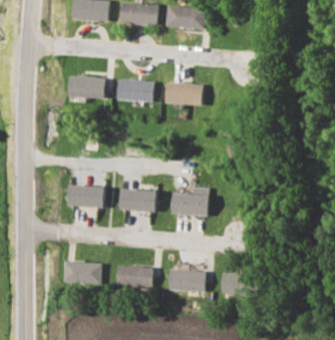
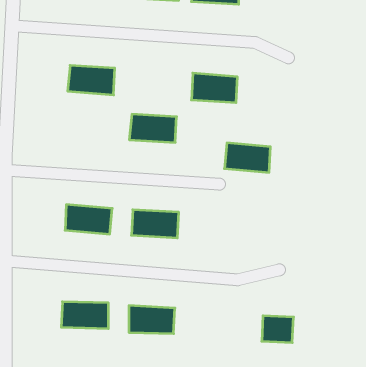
building: [117,79,154,101] -> [129,114,177,142]
building: [172,193,208,216] -> [224,143,270,172]
building: [169,269,206,291] -> none

